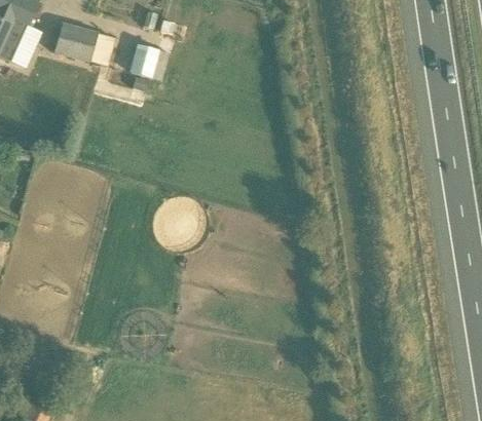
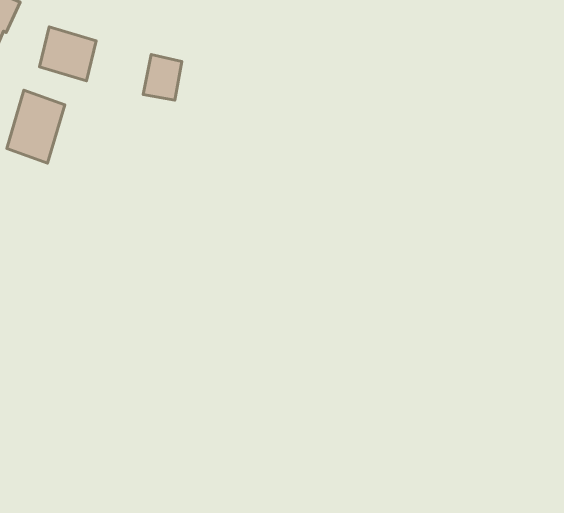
building: none -> [7,90,65,163]

